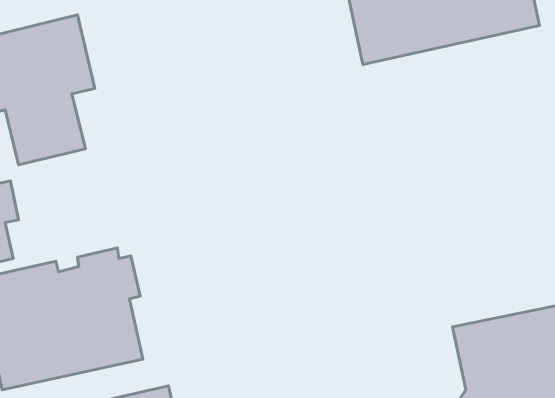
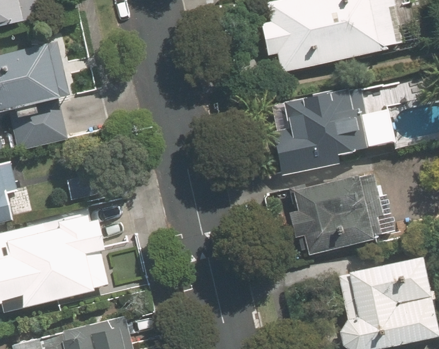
building: none -> [265,84,370,175]
building: none -> [287,170,391,256]

